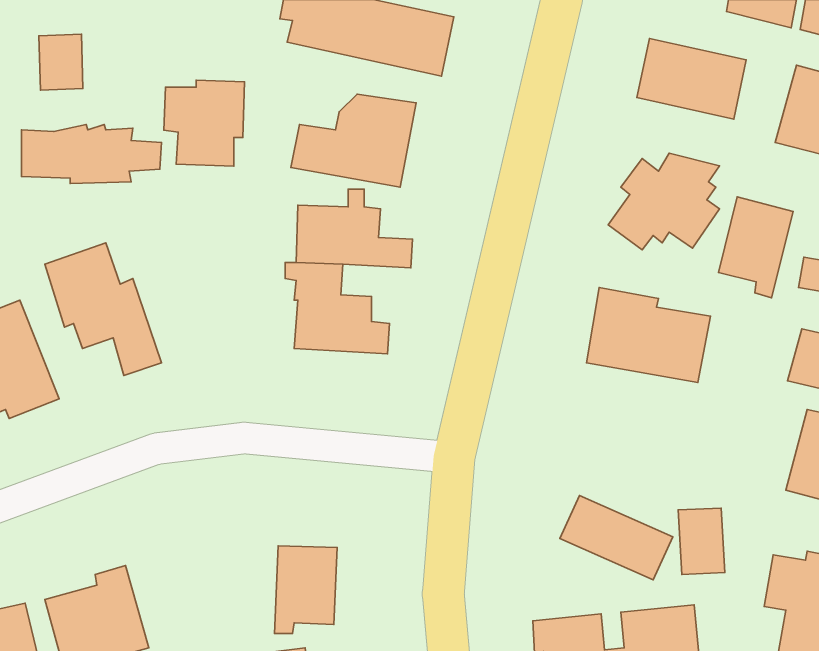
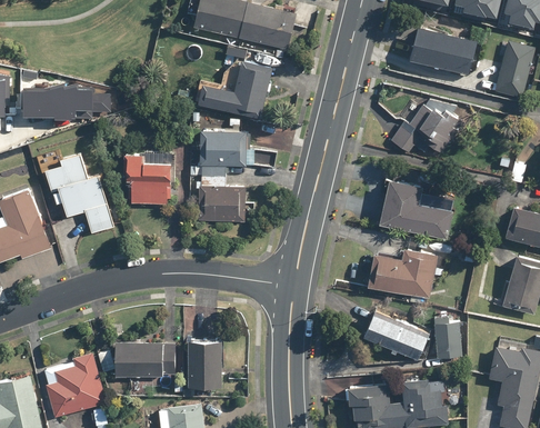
building: [39,34,83,90] -> none
building: [164,80,244,166] -> [121,150,171,203]
building: [719,197,793,298] -> none
building: none -> [367,245,437,298]
building: none -> [98,341,177,378]

